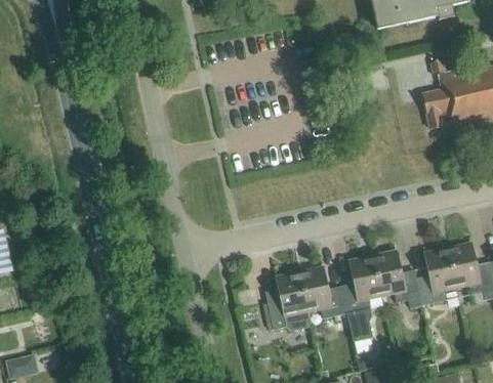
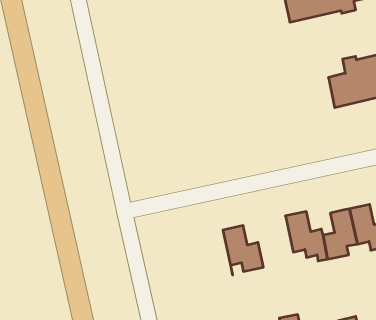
building: [340,254,381,341] -> none
building: [264,270,311,331] -> none

